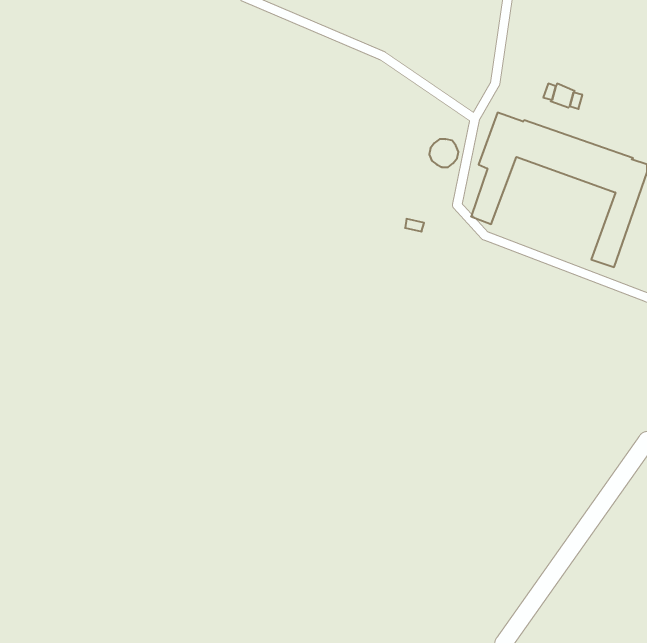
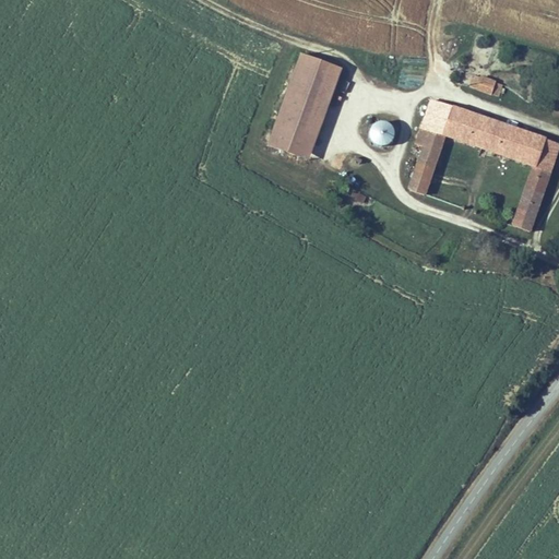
building: none -> [267,51,343,159]

